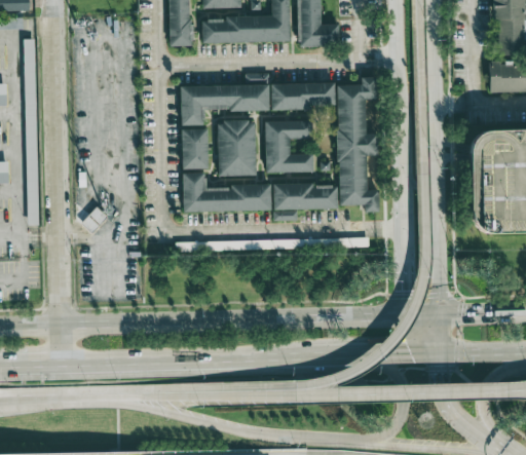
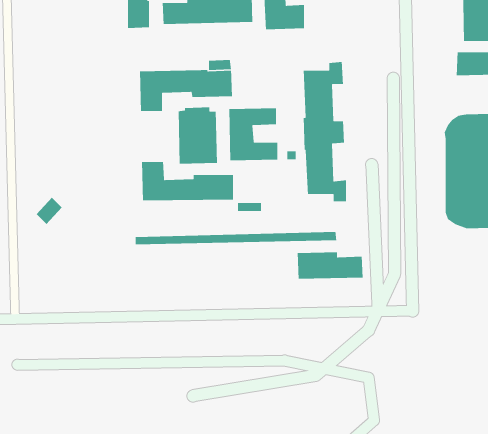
building: [271,82,335,110] -> none
building: [182,128,209,167] -> none
building: [274,182,338,208] -> [297,251,364,279]

